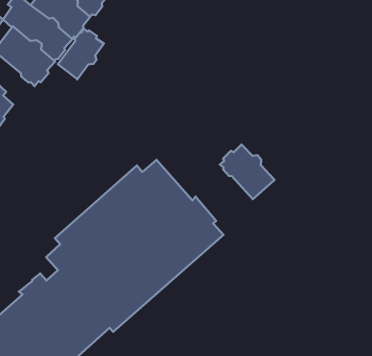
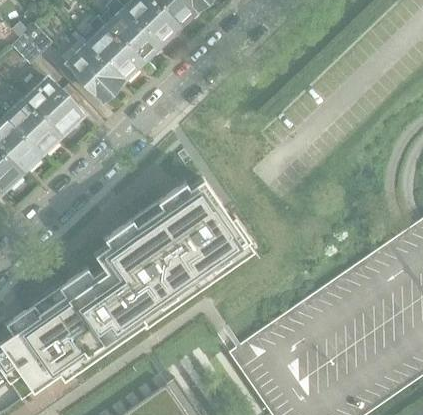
building: [58,29,104,79] -> none
building: [220,144,275,199] -> none

